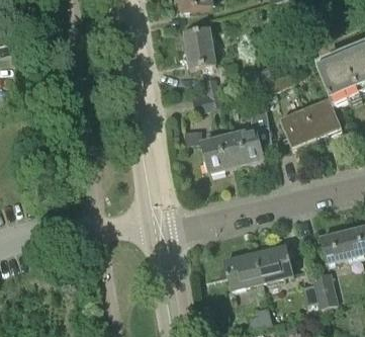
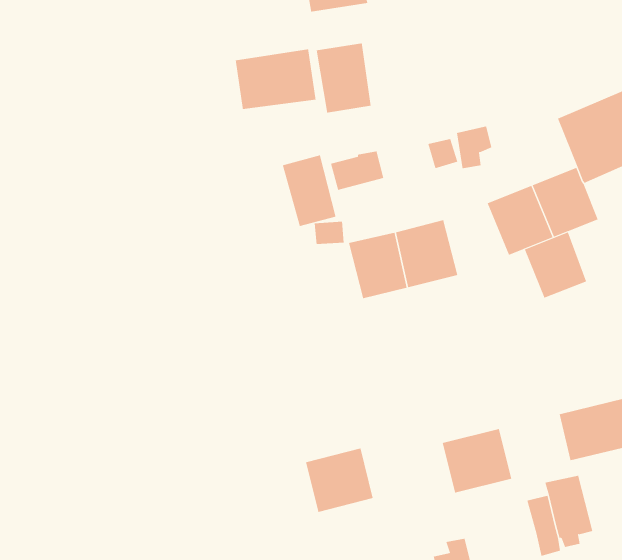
building: none -> [235,48,316,110]
building: none -> [282,155,336,227]
building: none -> [524,232,587,299]
building: [223,253,262,289] -> [305,448,374,513]

